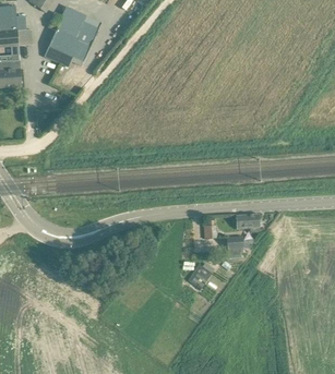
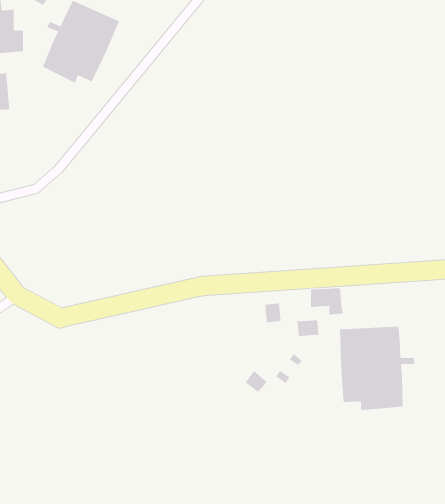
building: none -> [340,326,415,411]

